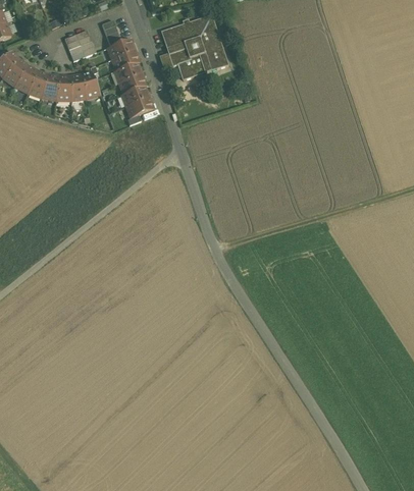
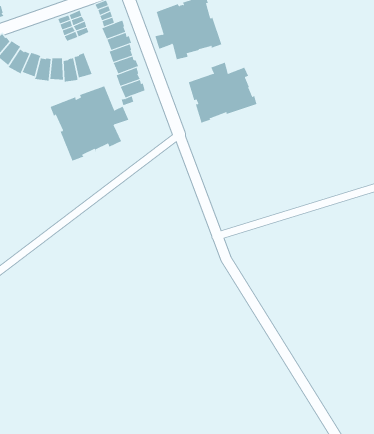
building: none -> [188,62,257,123]
building: none -> [50,85,129,161]

